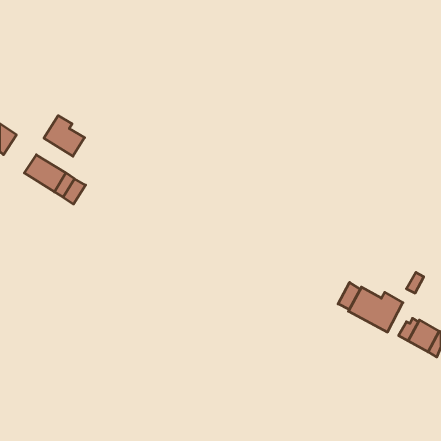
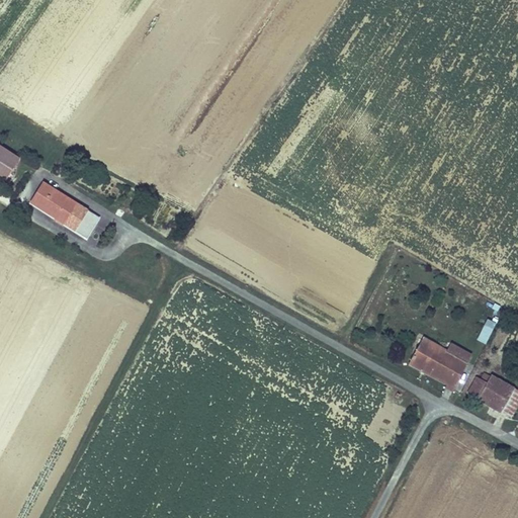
building: [44,116,85,156] -> none
building: [338,282,360,310] -> none

